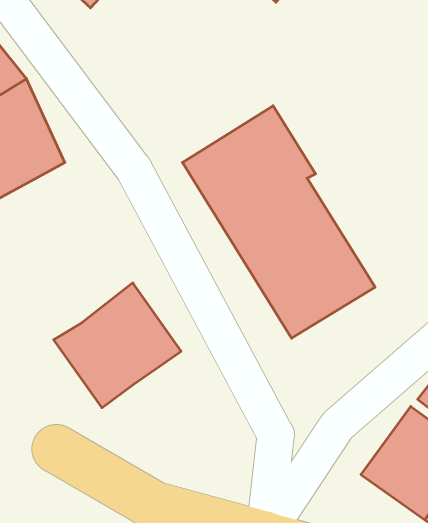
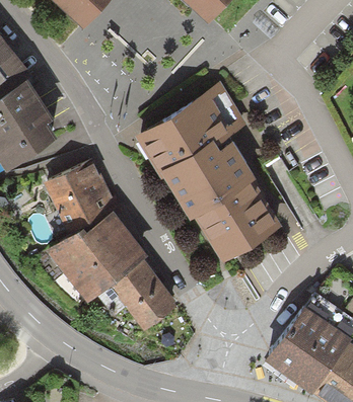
building: none -> [48,167,108,248]
building: none -> [109,271,171,338]

